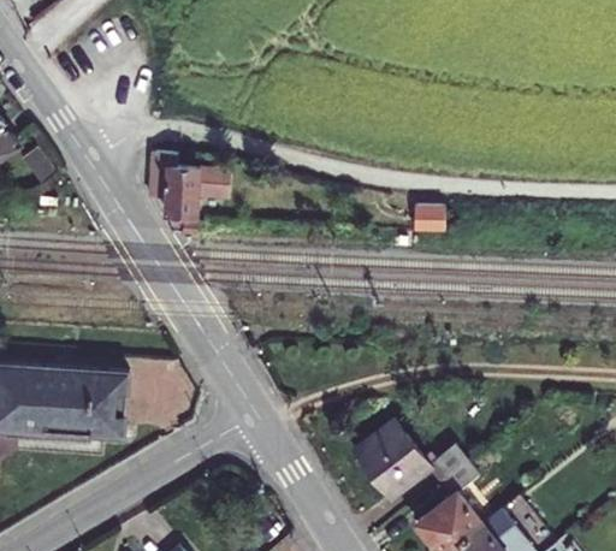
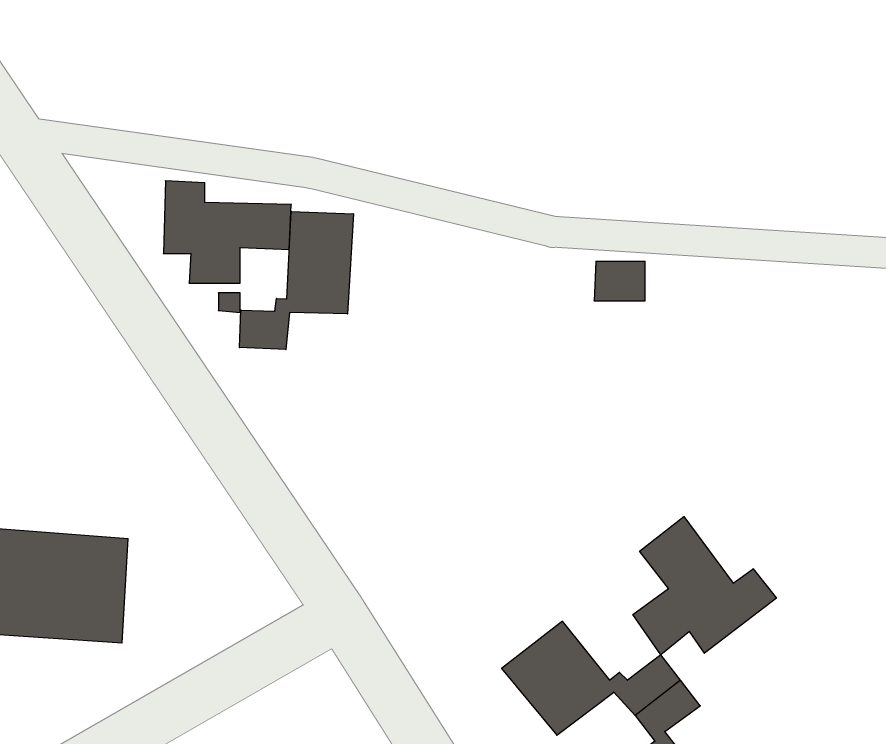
building: none -> [240,211,353,350]
building: none -> [633,517,776,655]

